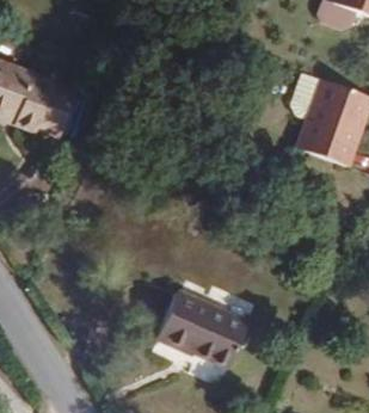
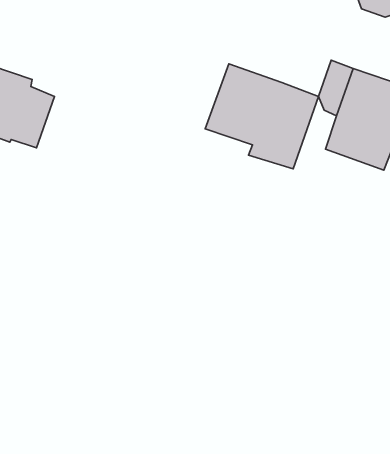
building: none -> [205,64,319,169]
building: [154,294,245,366] -> none

